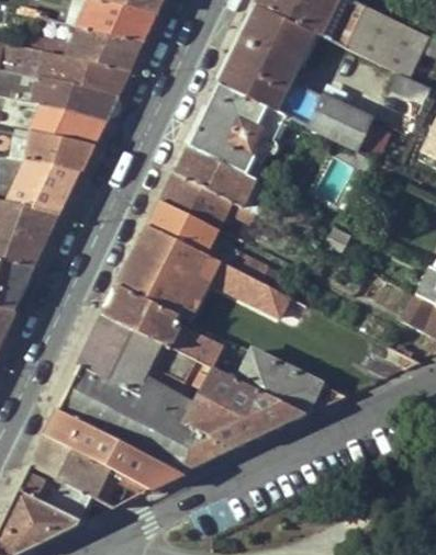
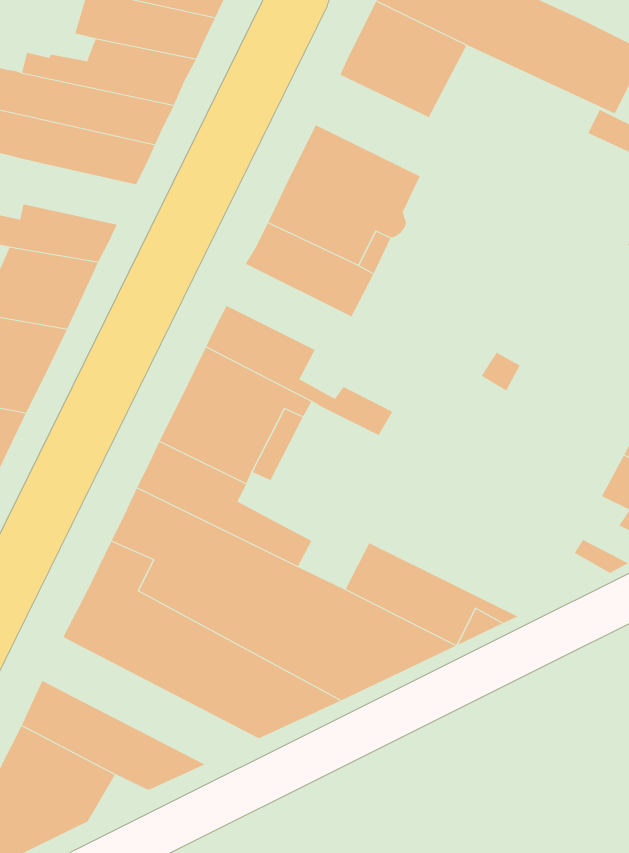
building: [220,50,373,148] -> none
building: [33,105,105,146] -> none
building: [163,171,253,226] -> none
building: [213,262,308,325] -> none
building: [45,409,183,490] -> none

